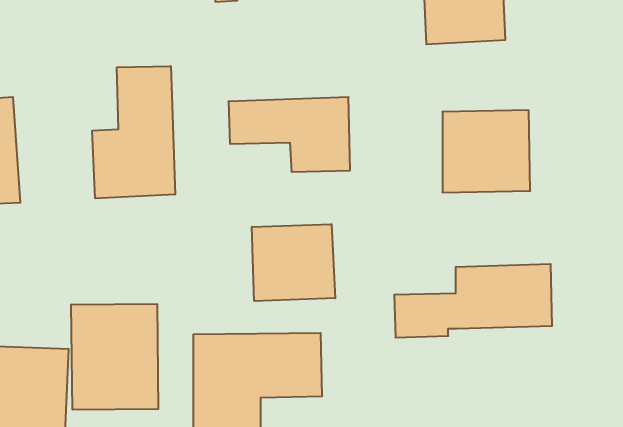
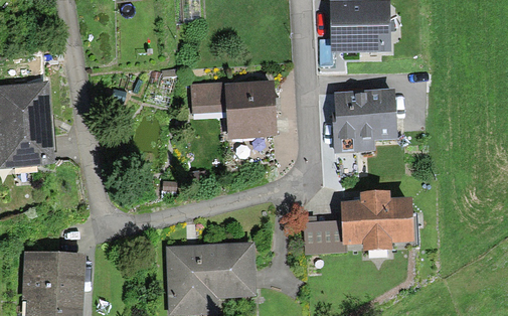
building: [92,66,175,198] -> none
building: [252,224,335,301] -> none
building: [71,304,158,410] -> none

